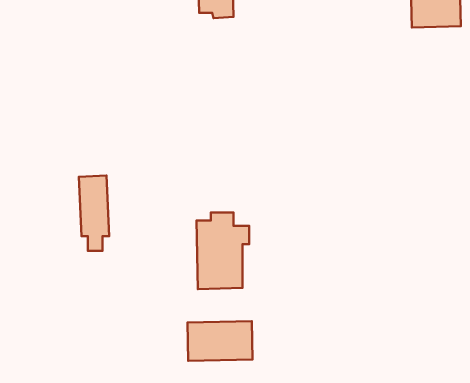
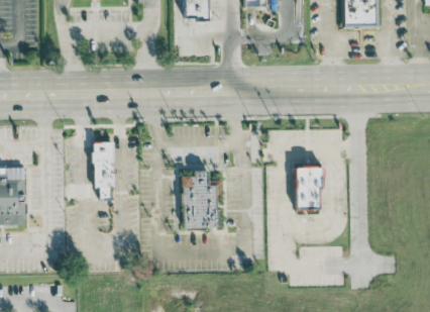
building: none -> [293,166,322,209]
building: [187,321,252,361] -> none

